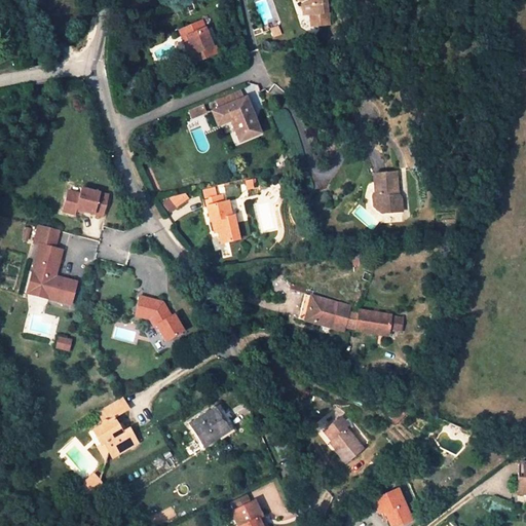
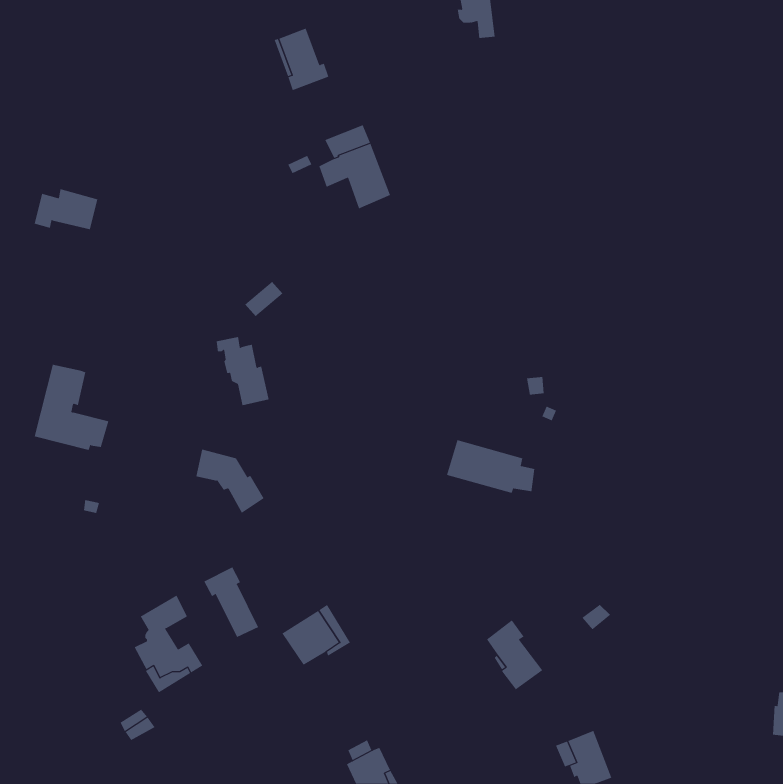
building: [378,173,407,213] -> none
building: [61,187,104,215] -> [34,188,98,230]
building: [206,194,242,240] -> [216,337,270,406]
building: [35,226,61,248] -> none
building: [358,310,404,334] -> none
building: none -> [204,567,259,638]

